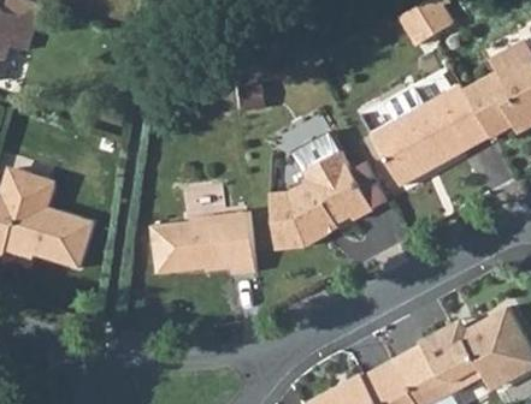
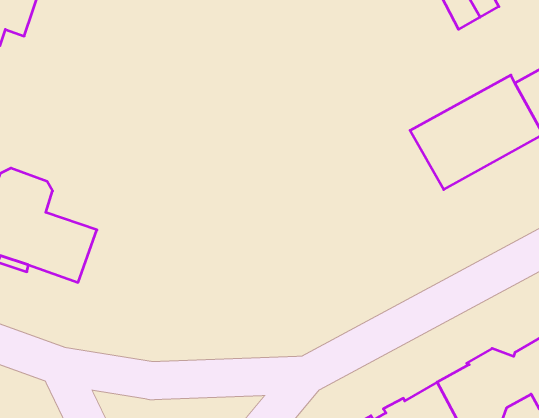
building: [266,137,371,252] -> none
building: [149,212,253,274] -> none

